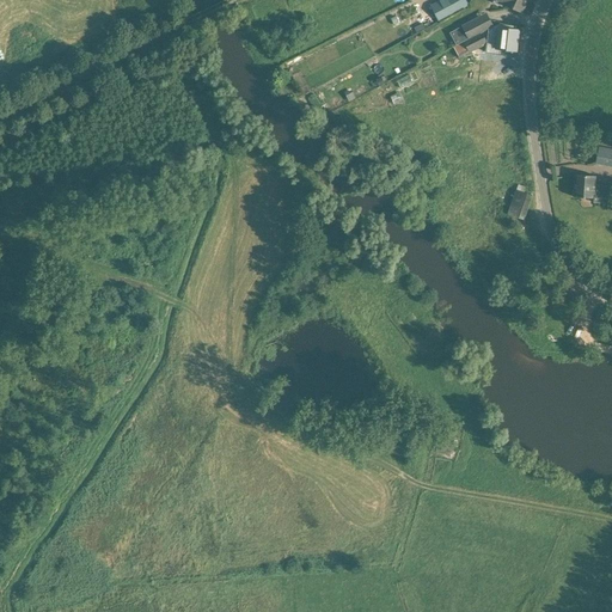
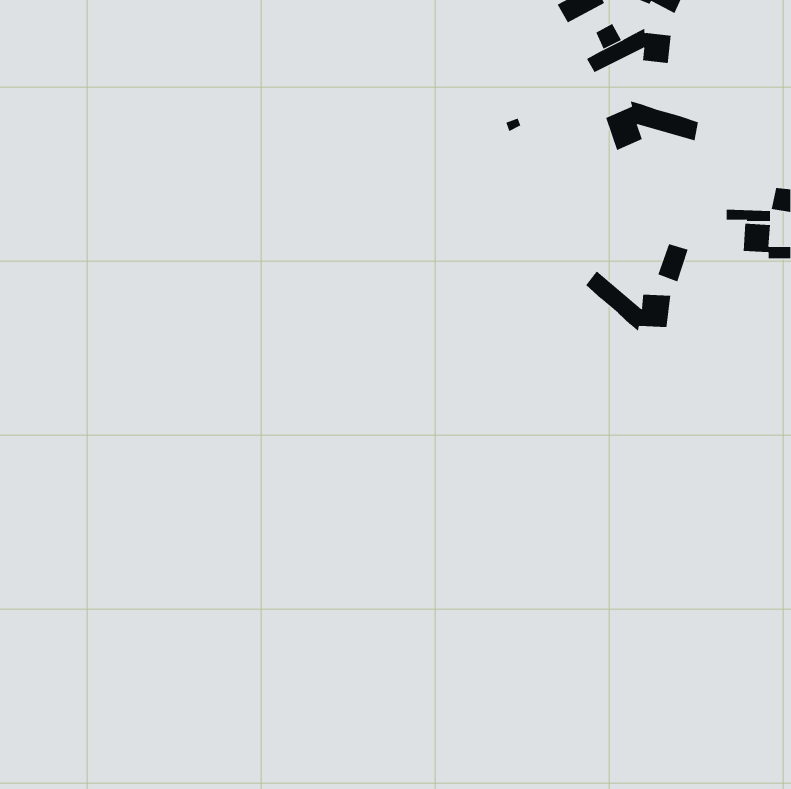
building: none -> [606,101,699,151]
building: none -> [586,271,671,332]

